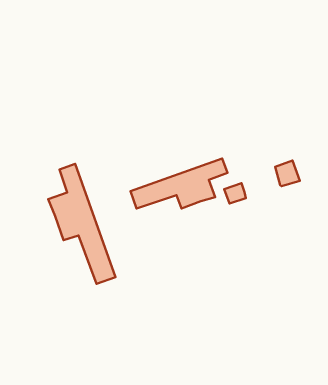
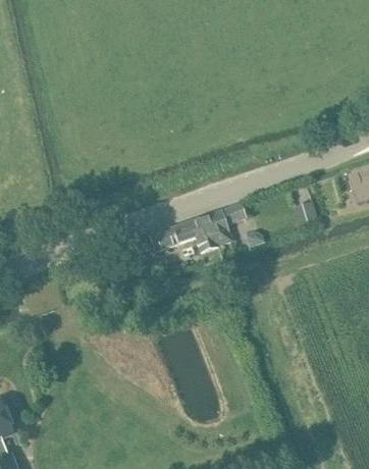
building: [48,164,115,284] -> none

